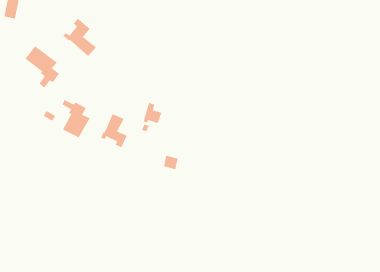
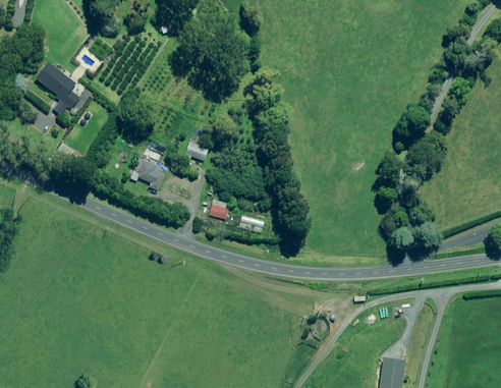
building: [63,18,97,57] -> none
building: [62,99,90,138] -> none

